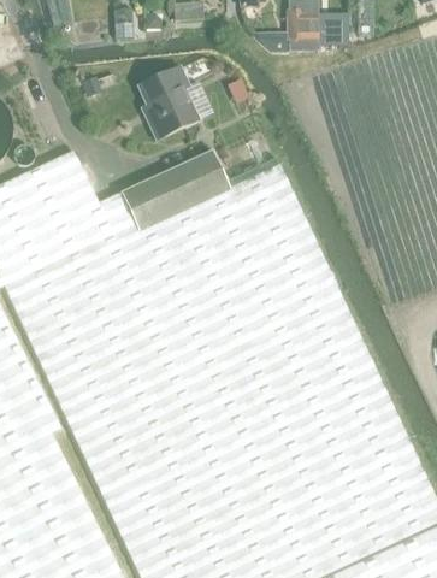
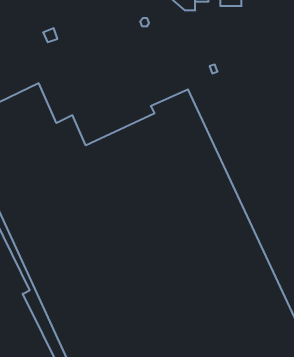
building: [140,69,214,141] -> none
building: [120,152,231,236] -> none

